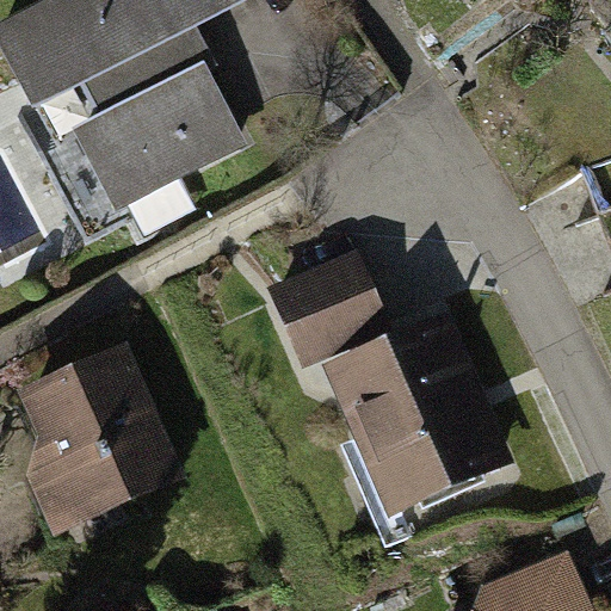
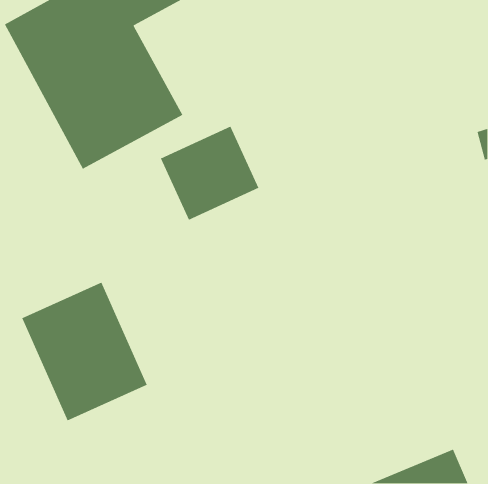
building: [265,252,389,370] -> [160,126,260,221]
building: [322,320,511,513] -> none

